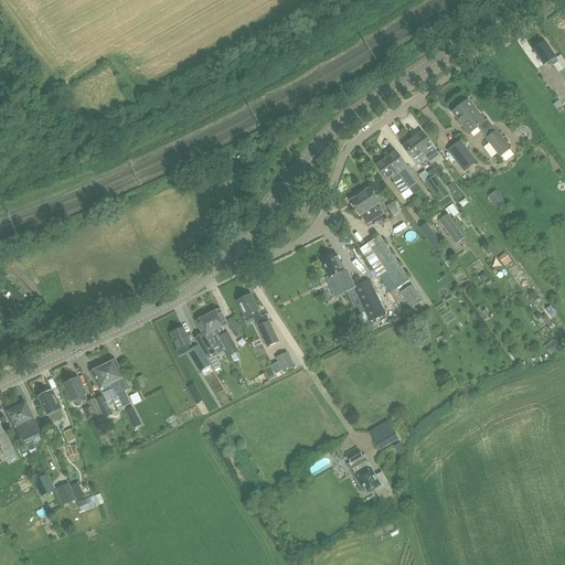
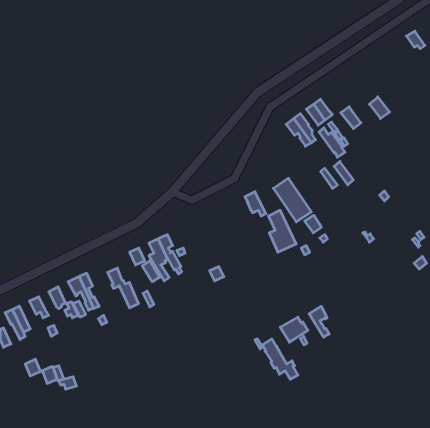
building: [451,97,495,136] -> none
building: [350,186,383,223] -> none
building: [237,294,278,345] -> [108,268,139,308]
building: none -> [309,306,329,337]

